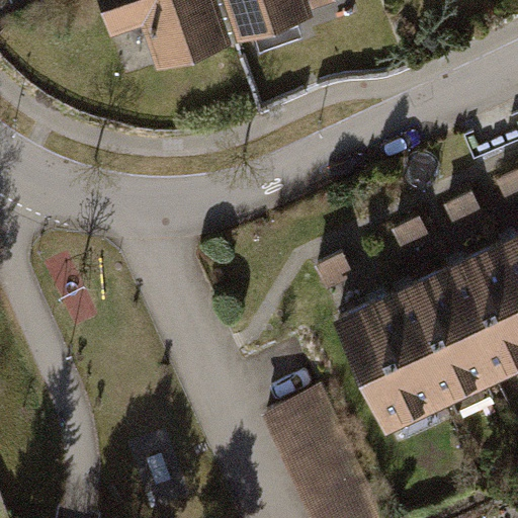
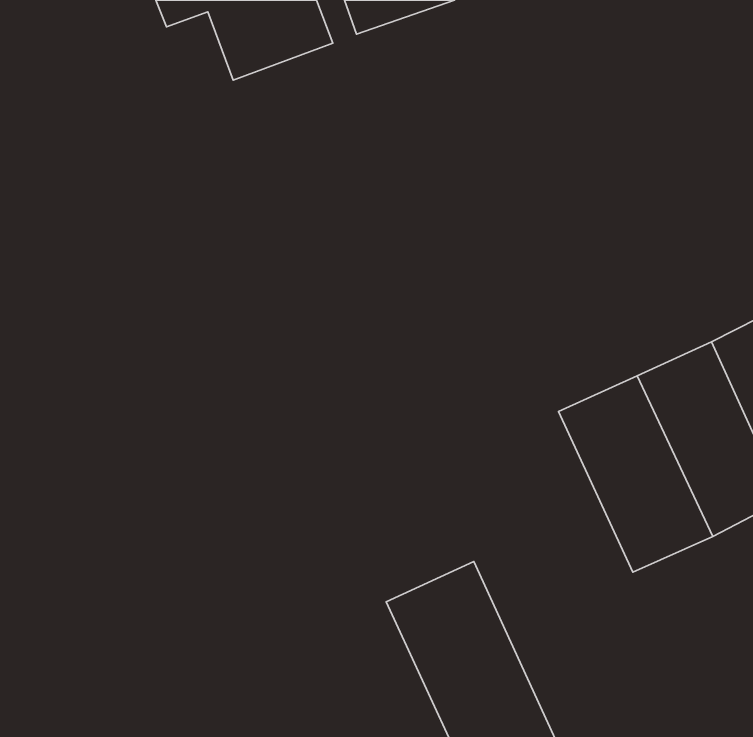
building: [329,295,435,431] -> none

